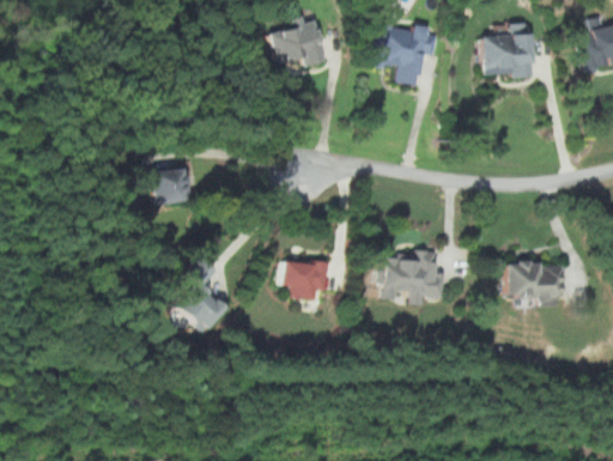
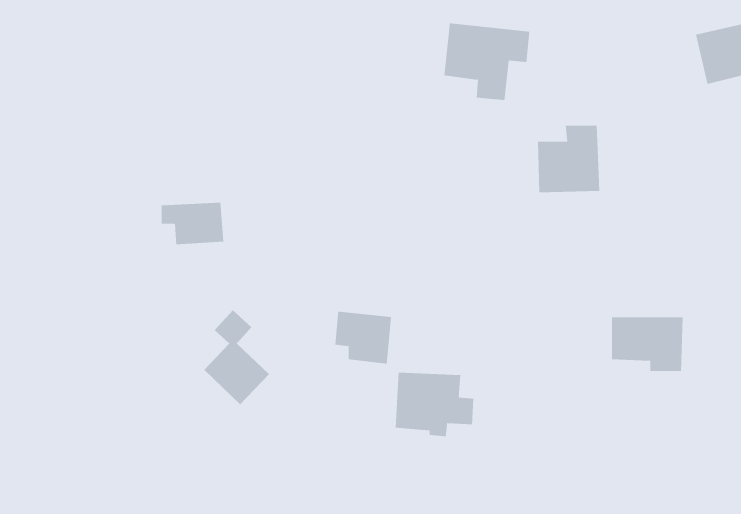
building: [268,19,324,68] -> none
building: [481,23,533,78] -> [537,125,600,193]
building: [381,253,445,305] -> [395,372,474,437]

